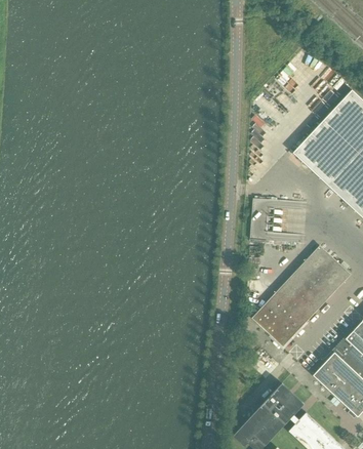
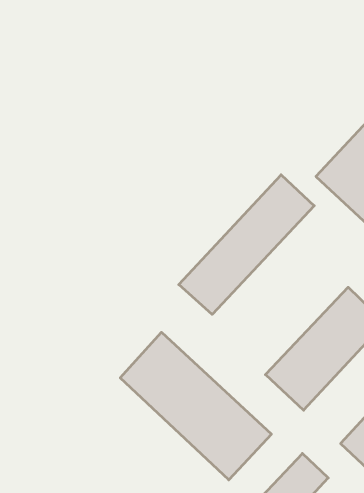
building: none -> [179,175,314,314]
building: none -> [120,332,271,480]

